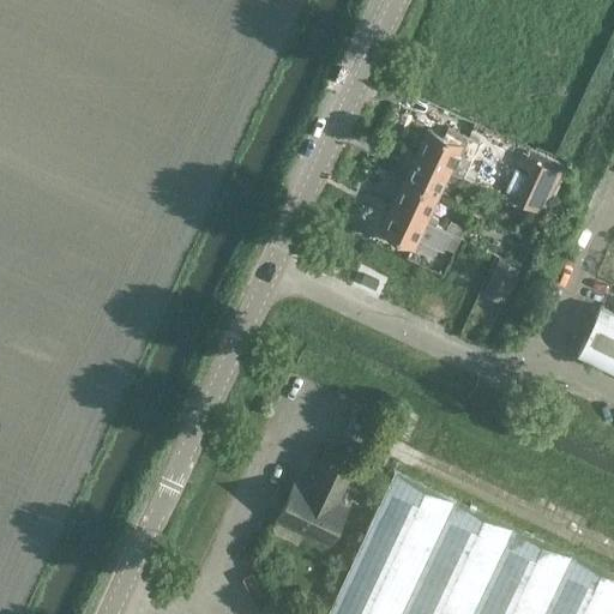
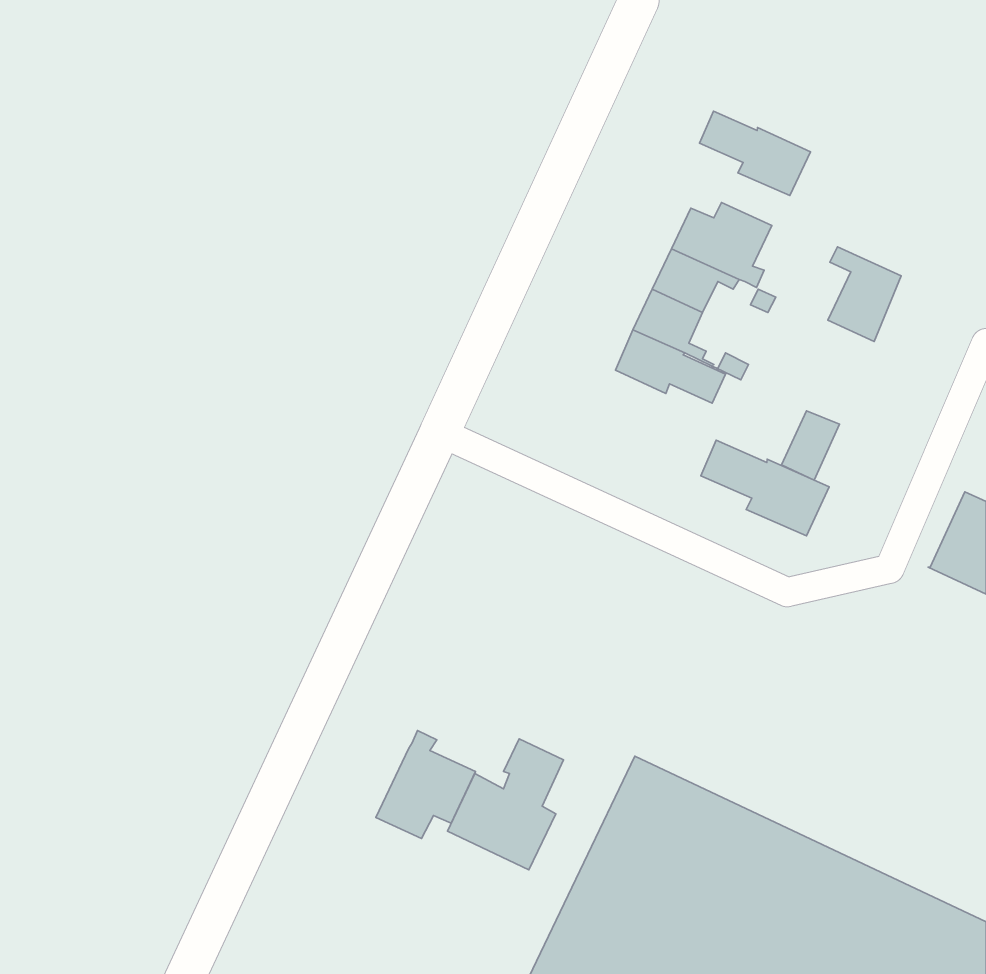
building: none -> [700,111,810,195]
building: none -> [701,440,829,536]
building: none -> [376,730,476,839]

